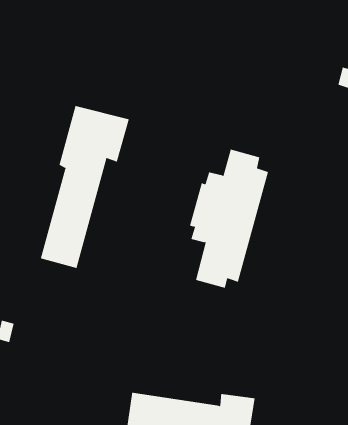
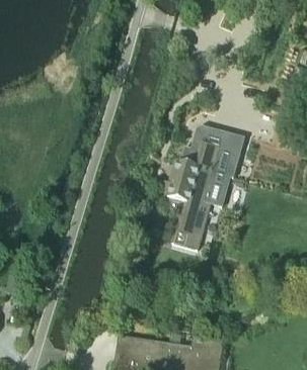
building: [40,105,130,269] -> none

